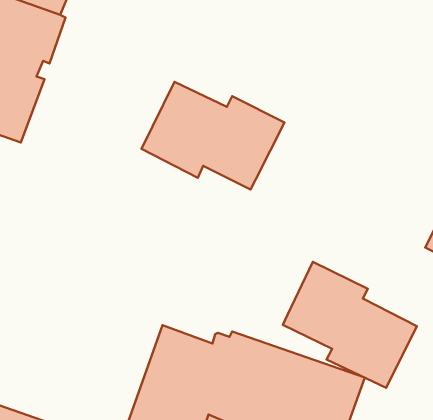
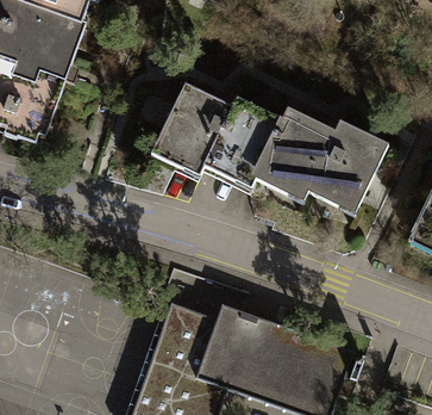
building: none -> [255,112,386,210]
building: [283,262,417,388] -> none

